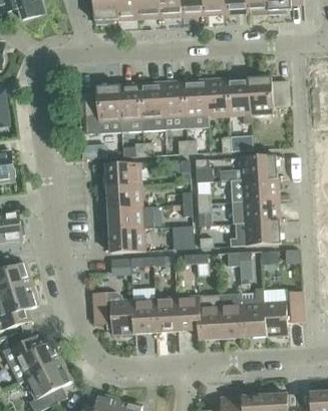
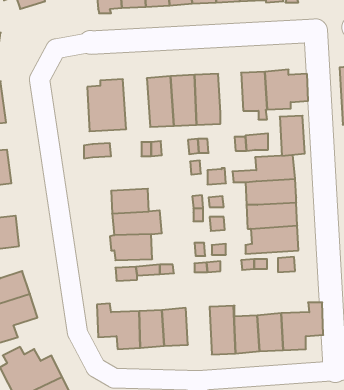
building: [206,79,229,116] -> [280,116,305,156]
building: [117,84,142,131] -> none
building: [102,163,140,188] -> none
building: [176,296,200,340] -> none

